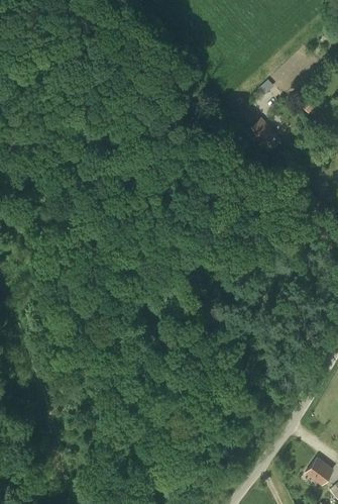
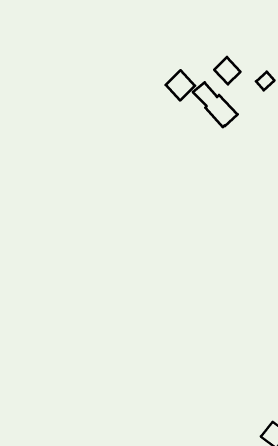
building: none -> [166,70,195,100]

